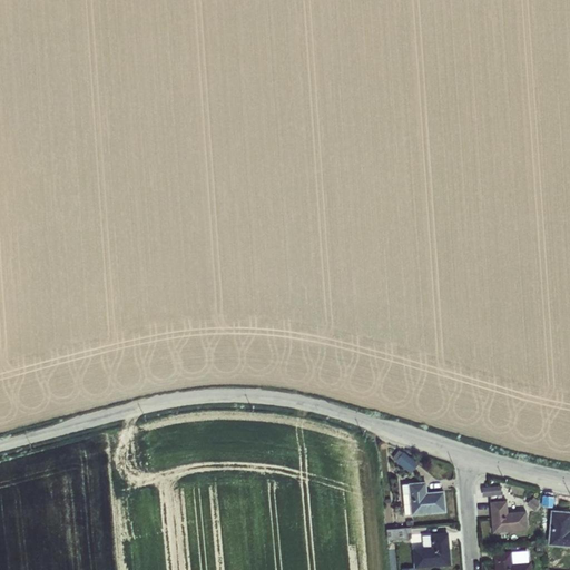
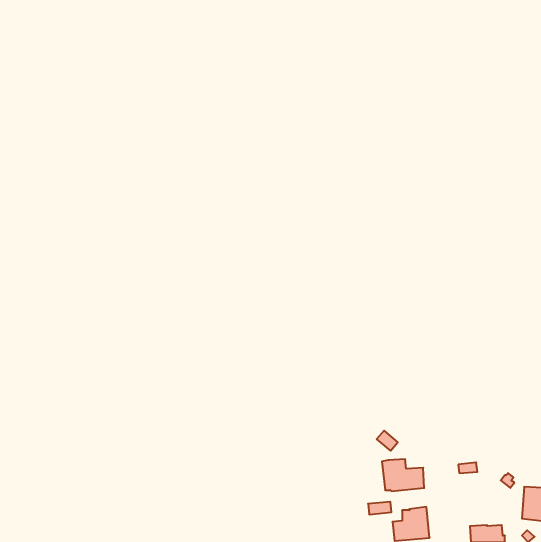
building: [490,500,528,533] -> none

